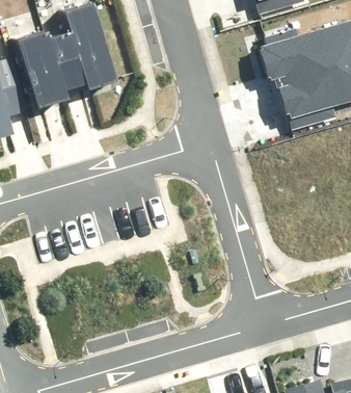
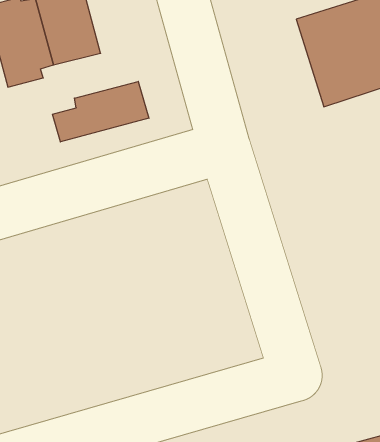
building: none -> [53,81,149,142]

